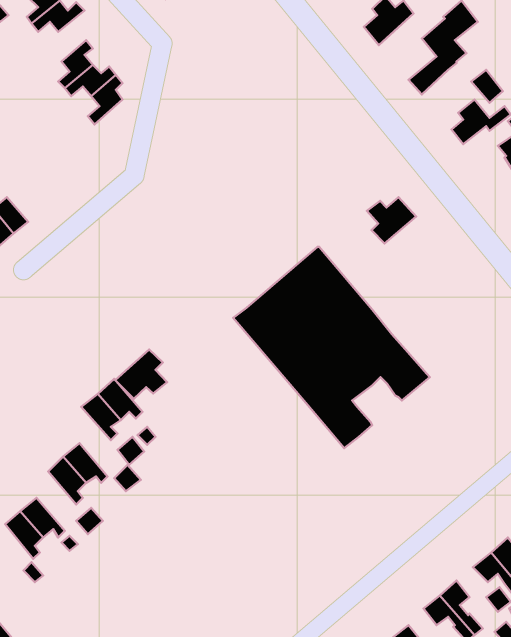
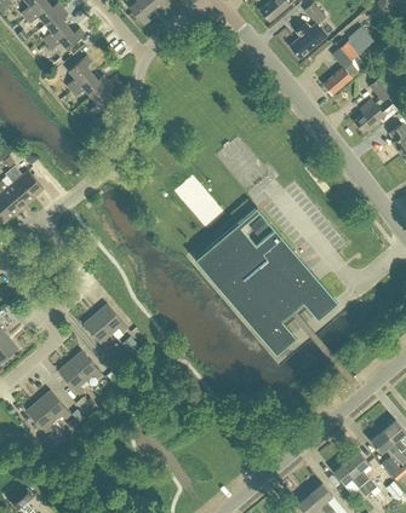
building: [367,197,416,244] -> none
building: [115,350,167,399] -> none

